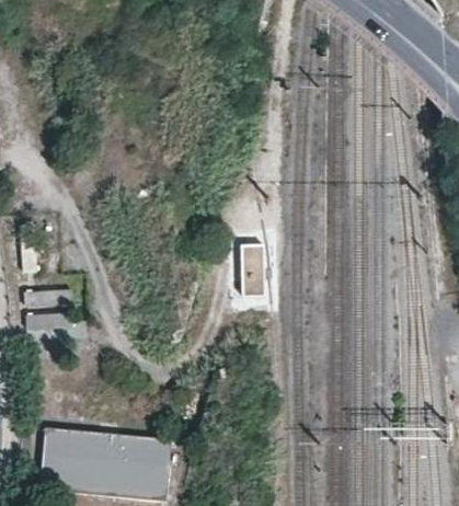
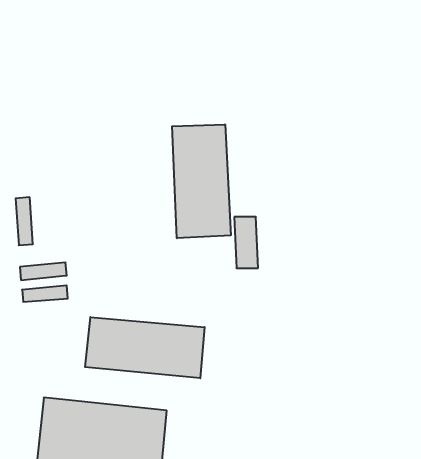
building: none -> [172,124,231,238]
building: none -> [85,317,205,378]

